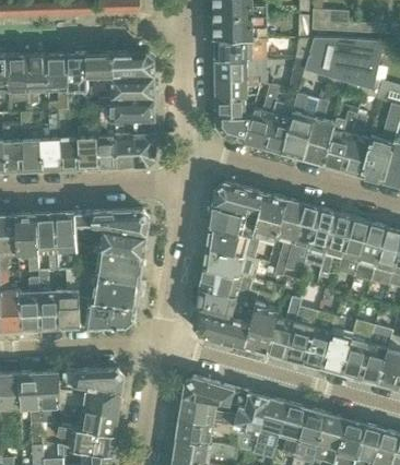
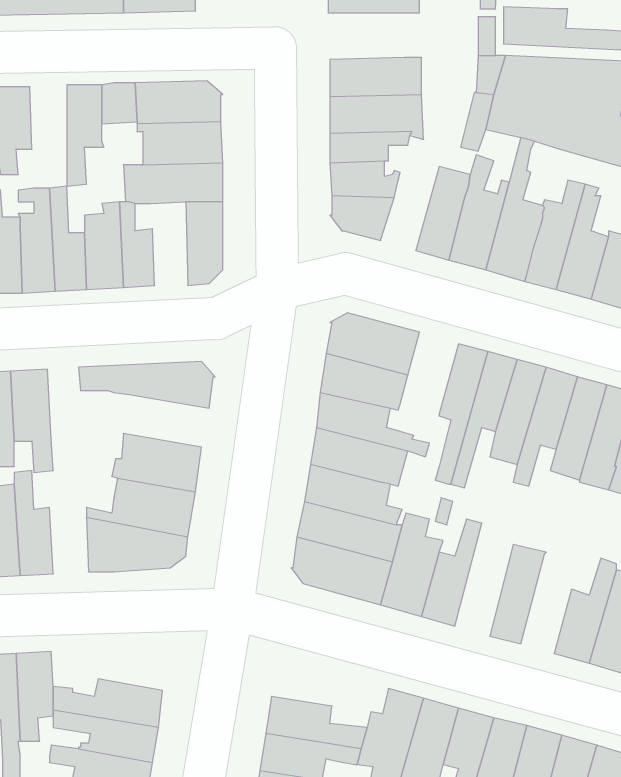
building: [213,15,264,41] -> none
building: [46,56,67,114] -> none
building: [243,86,279,148] -> none
building: [114,121,134,168] -> none
building: [254,194,286,240] -> none
building: [56,214,75,254] -> none
building: [94,229,146,259] -> none
building: [57,272,79,330] -> none
building: [284,308,317,365] -> none
building: [321,319,350,374] -> none
building: [62,370,123,395] -> none
building: [181,379,247,408] -> none

